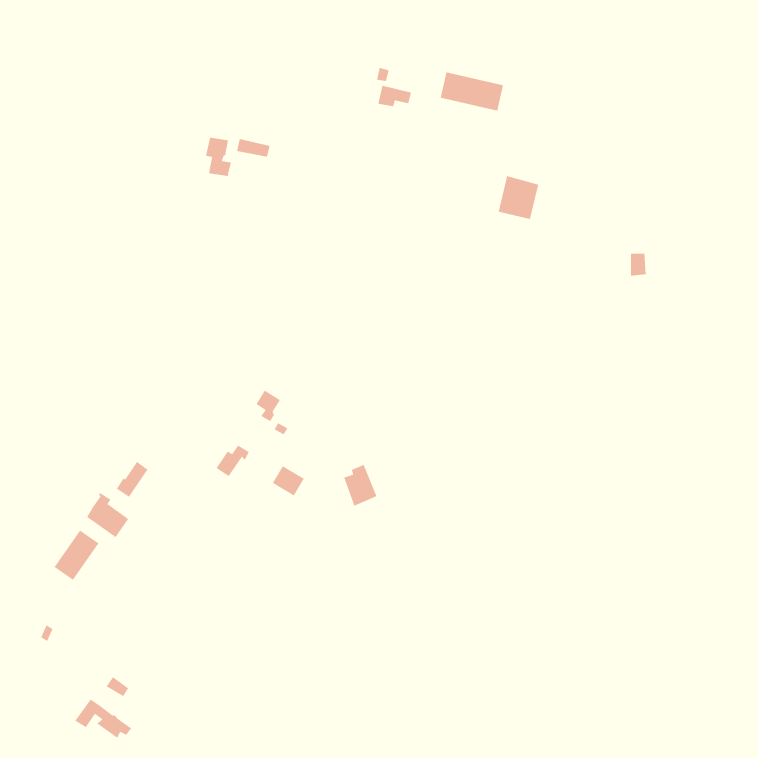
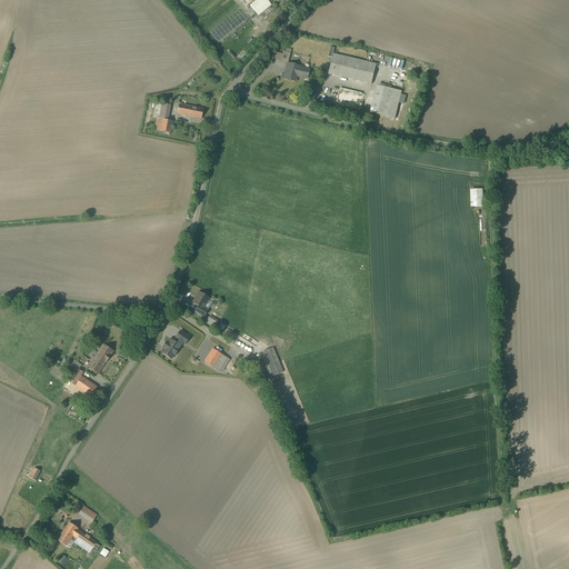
building: [498,175,539,220] -> [371,84,402,118]
building: [54,529,99,581] -> none

